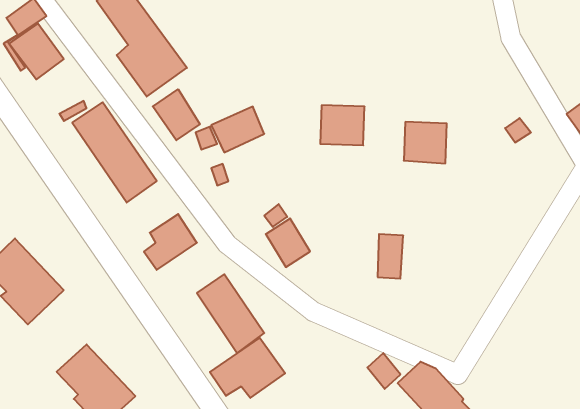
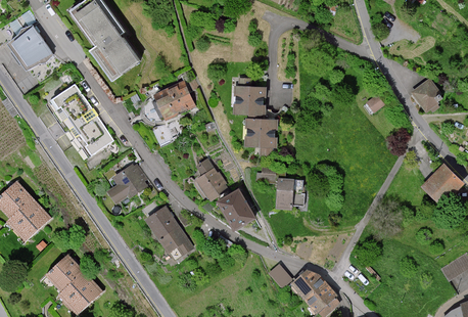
building: [153,89,200,140] -> none
building: [404,122,447,163] -> [246,119,277,148]
building: none -> [217,189,255,231]
building: [210,338,285,398] -> none

